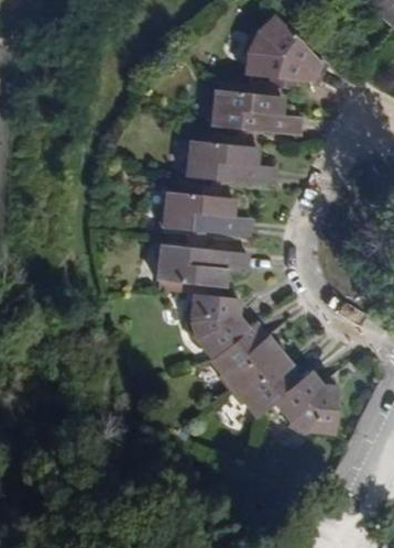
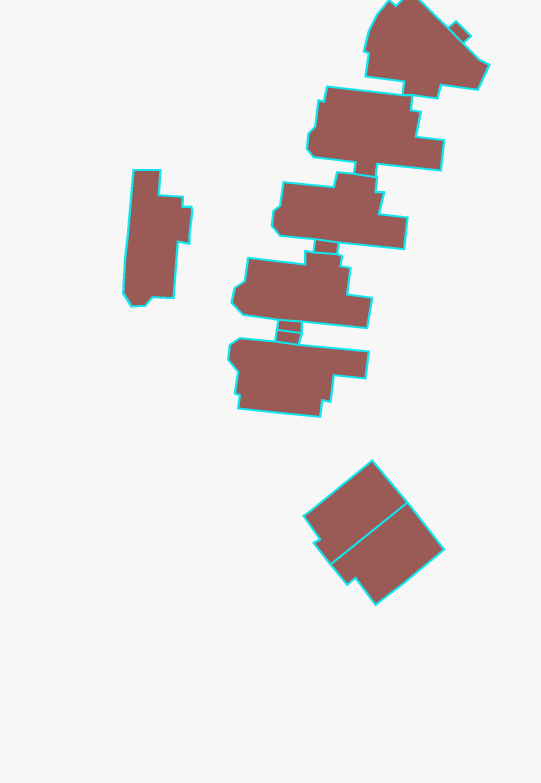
building: none -> [123,170,192,307]
building: [185,293,245,358] -> none
building: [273,374,339,438] -> none

